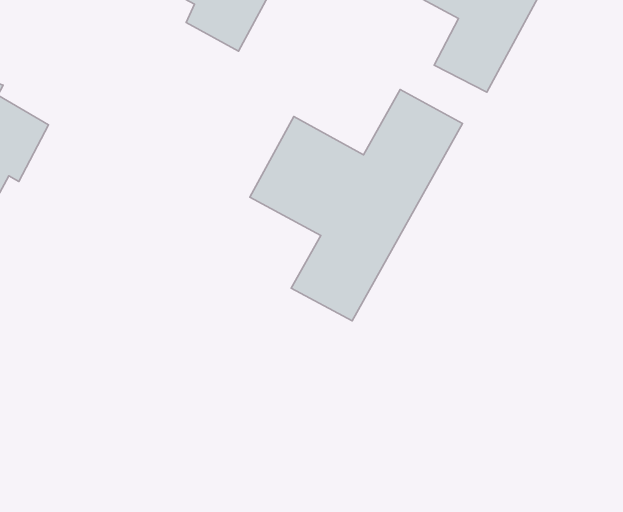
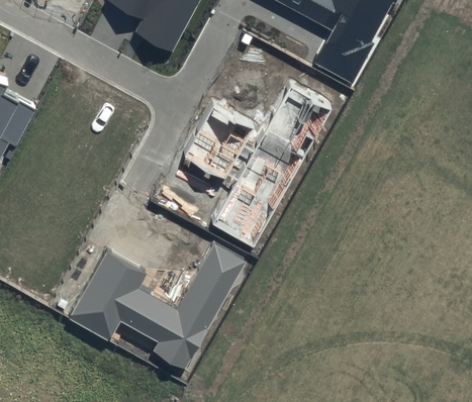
building: none -> [70,242,247,372]

